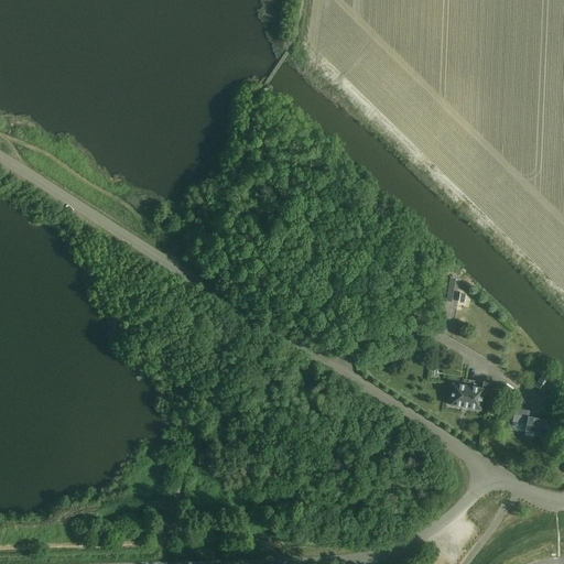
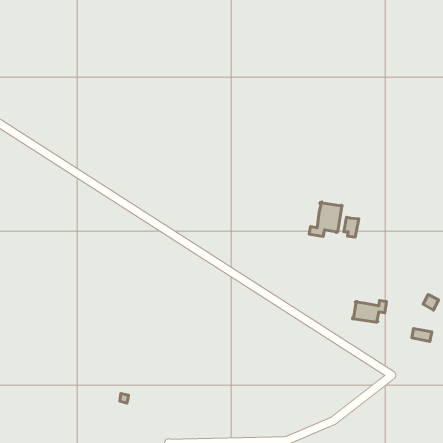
building: none -> [309,202,342,237]

